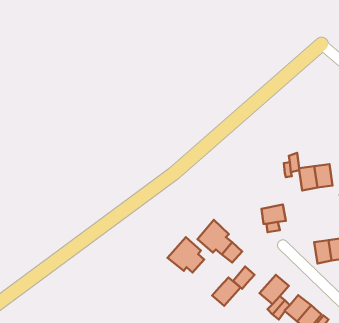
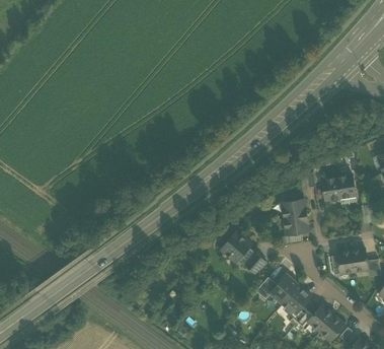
building: none -> [282,199,306,219]
building: [167,237,204,272] -> none
building: [212,277,241,306] -> [271,275,299,303]

